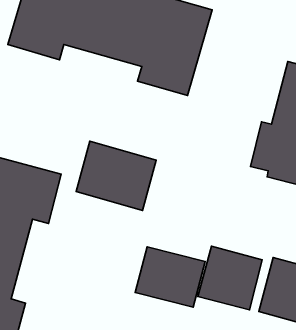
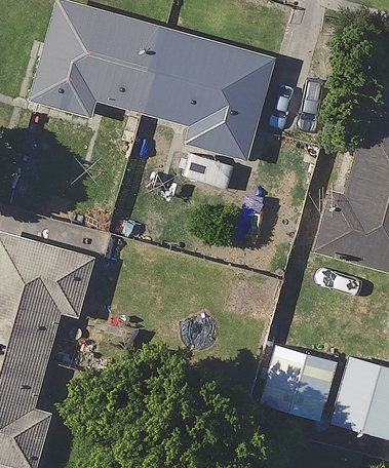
building: [76,141,156,210] -> none
building: [135,247,205,307] -> none

